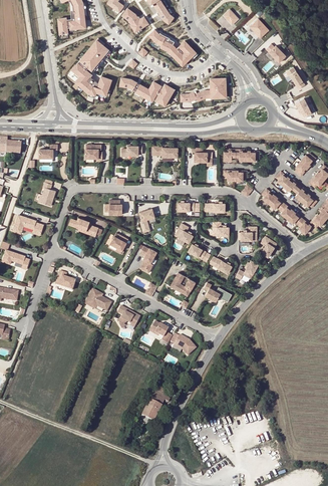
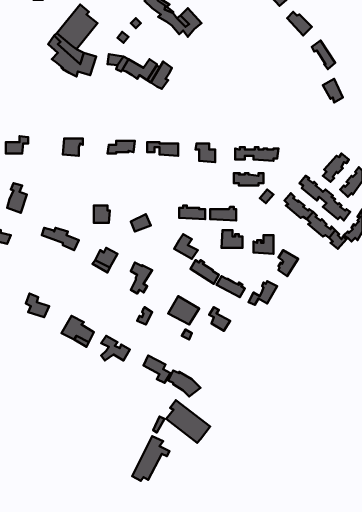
building: [181,78,226,102] -> none
building: none -> [166,400,210,443]

